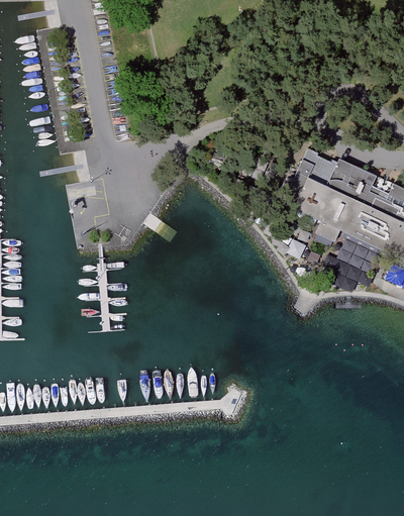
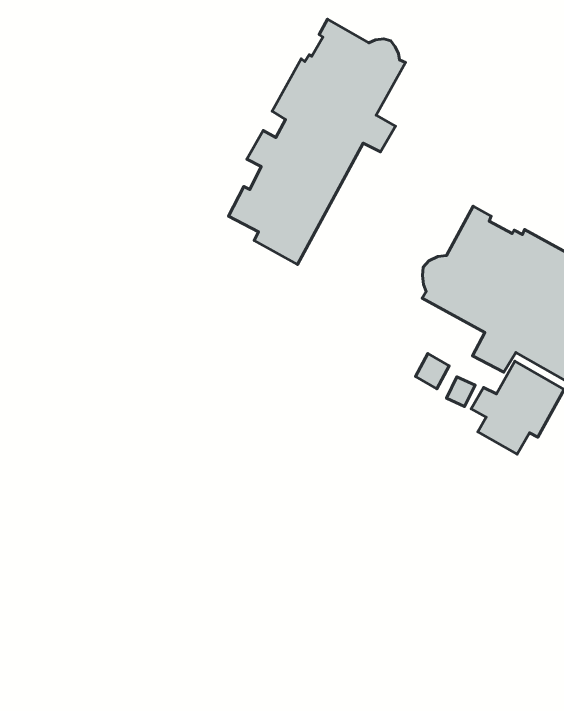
building: none -> [228,19,405,264]

